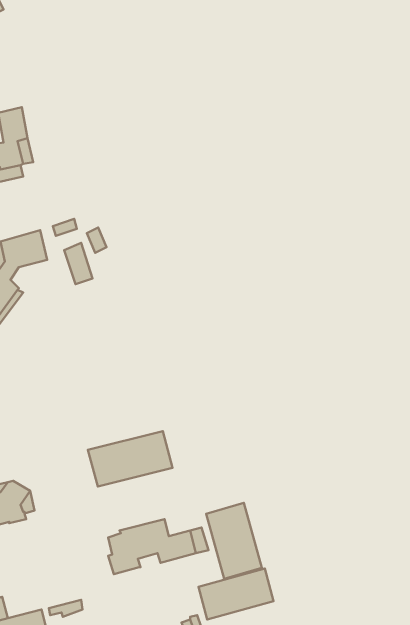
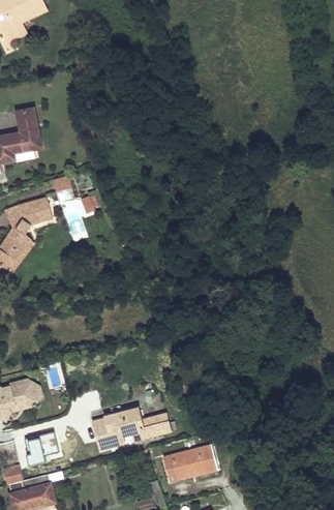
building: [88,431,173,487] -> none
building: [206,503,262,579] -> none
building: none -> [24,432,59,467]

